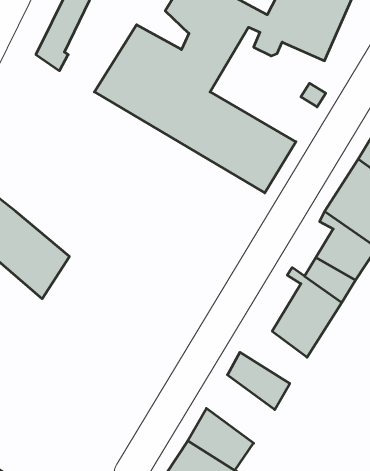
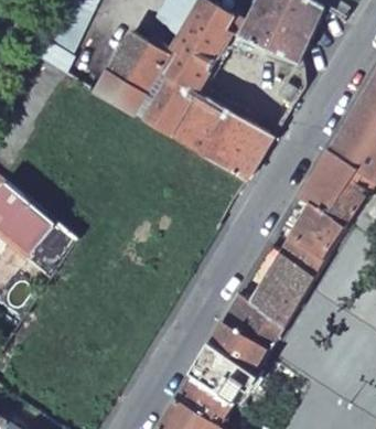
building: none -> [223,293,282,348]
building: none -> [193,341,254,401]

